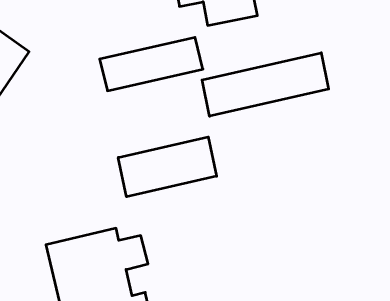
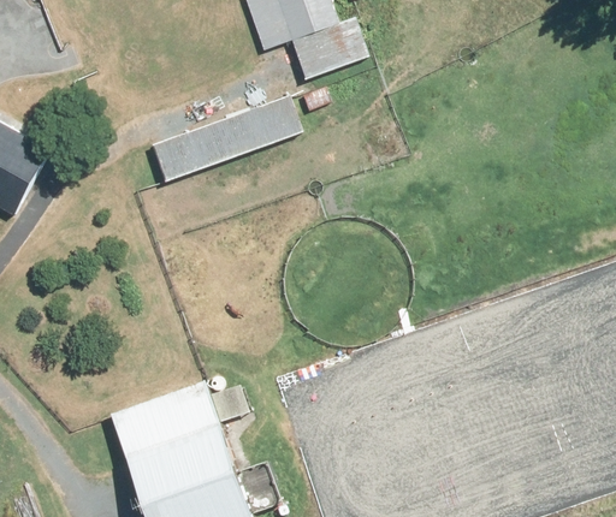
building: [202,53,329,116] -> none
building: [118,137,217,197] -> none

